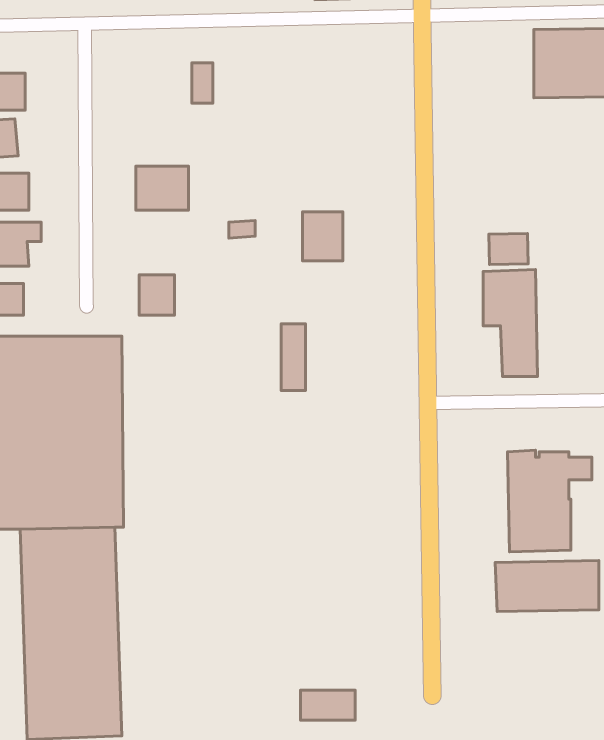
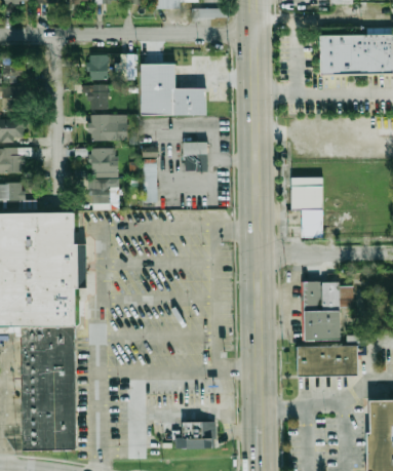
building: none -> [89,54,108,79]
building: none -> [142,63,206,115]
building: none -> [87,84,109,109]
building: none -> [90,147,118,175]
building: [489,233,528,265] -> none
building: [281,324,306,391] -> [143,163,157,202]

